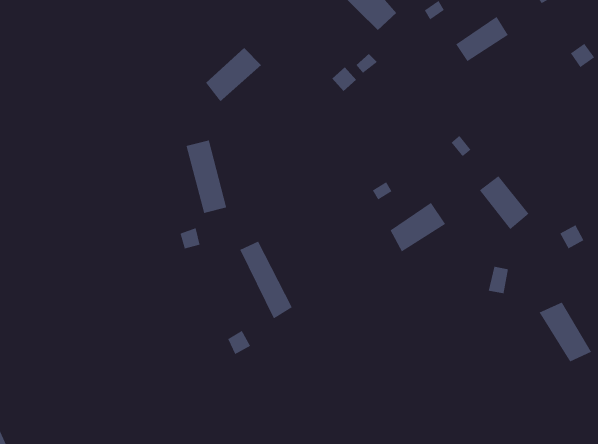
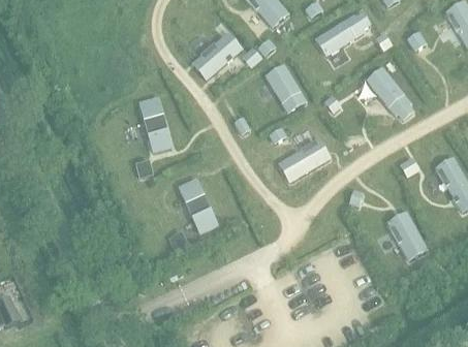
building: [205,47,262,102] -> [196,36,236,74]
building: none -> [269,67,303,108]
building: [479,175,530,230] -> [367,71,402,109]

